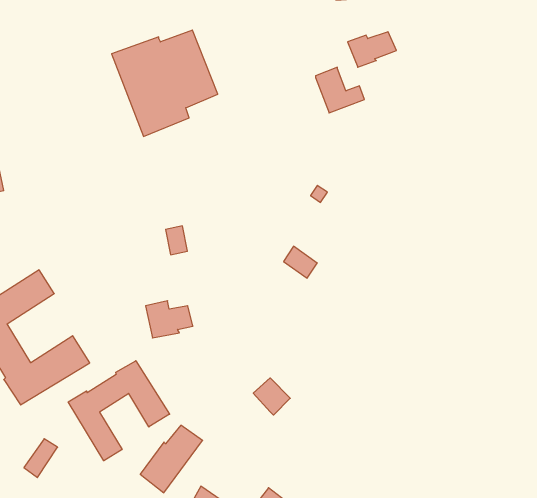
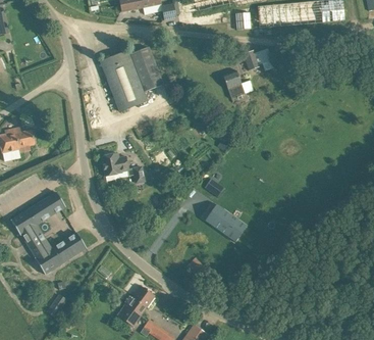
building: none -> [204,203,247,242]
building: [146,301,193,338] -> [101,153,129,176]
building: [68,361,170,461] -> none

